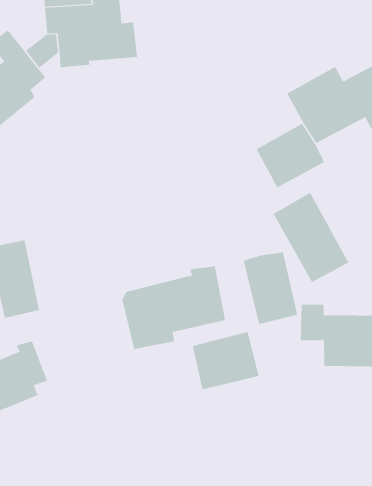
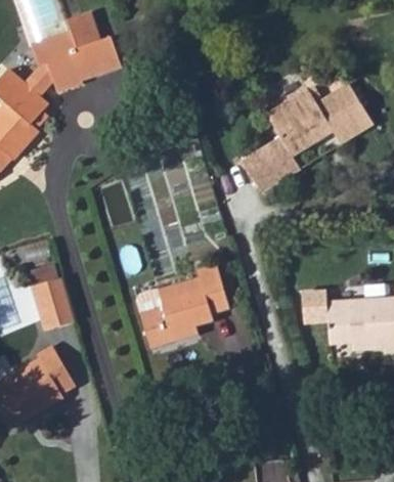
building: [273,192,349,283] -> none
building: [243,251,298,325] -> none
building: [192,331,259,390] -> none

